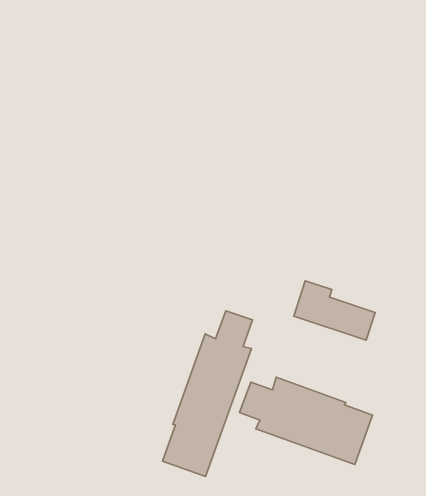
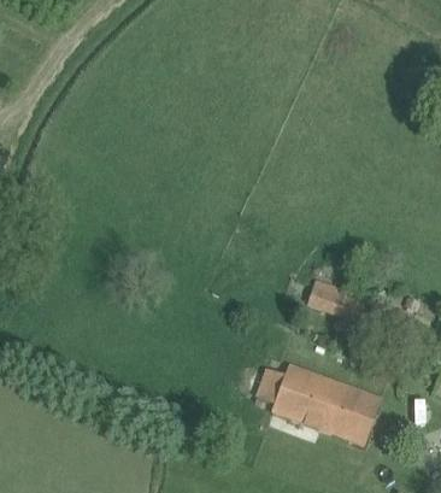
building: [163,311,252,477] -> none

